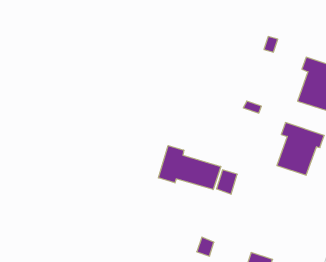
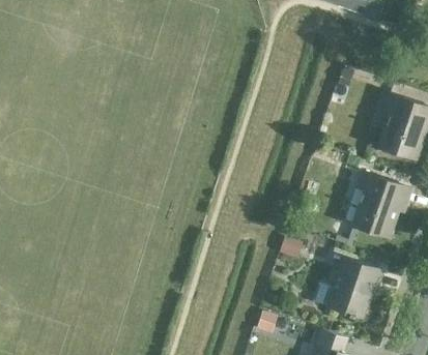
building: [158,146,221,190] -> none
building: none -> [315,257,381,317]

